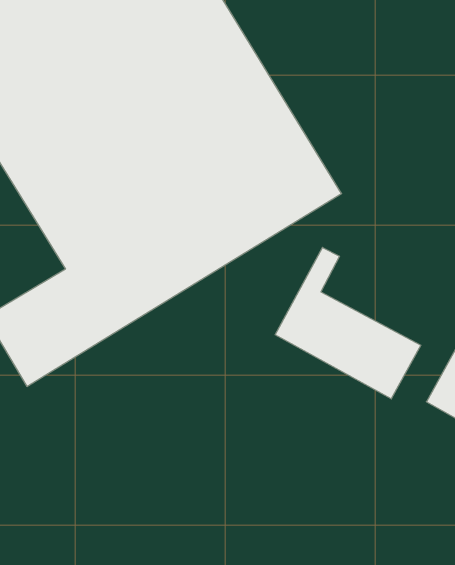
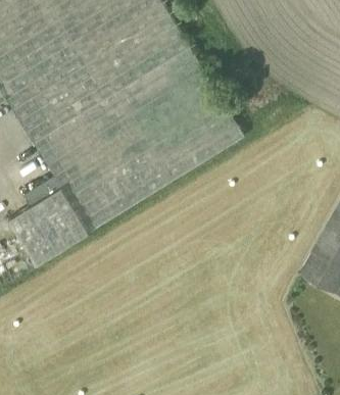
building: [275,247,421,399] -> none

